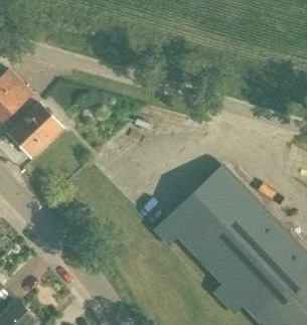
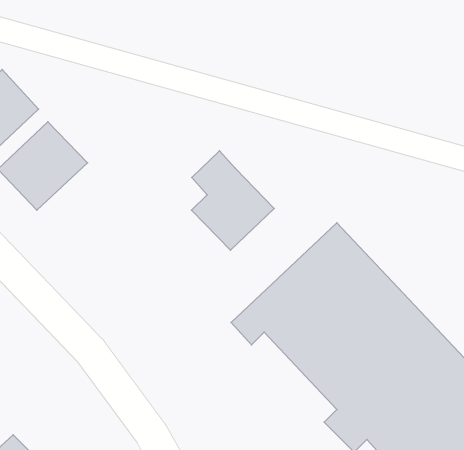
building: none -> [192,151,274,250]

